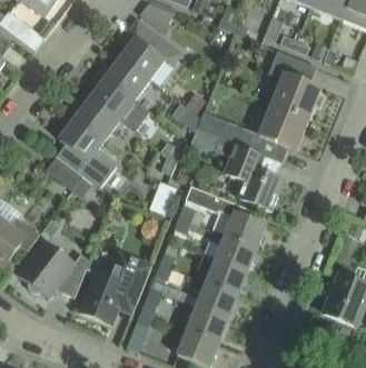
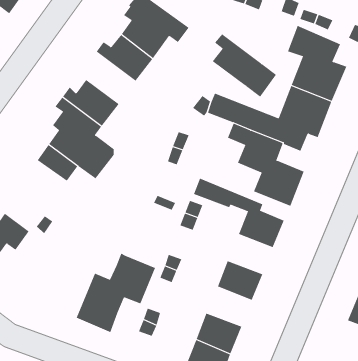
building: [89,73,147,130] -> [212,34,277,97]
building: [215,236,256,271] -> none
building: [19,240,89,298] -> none
building: [196,282,237,318] -> none

